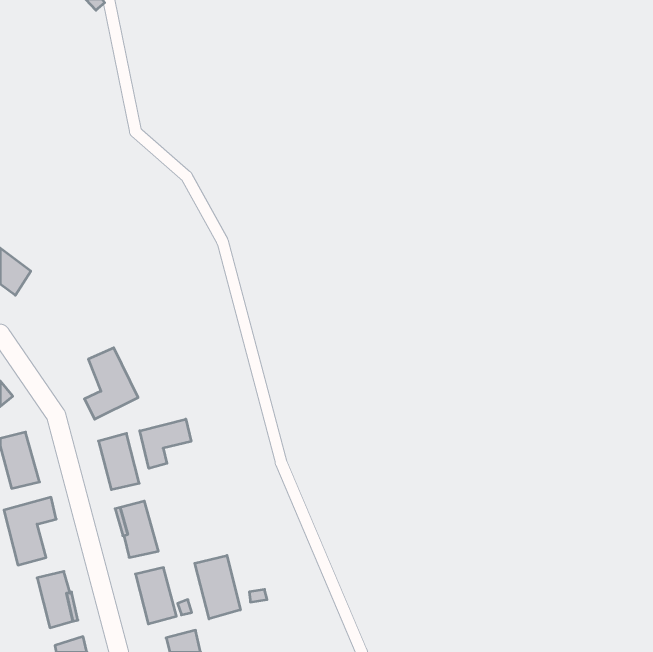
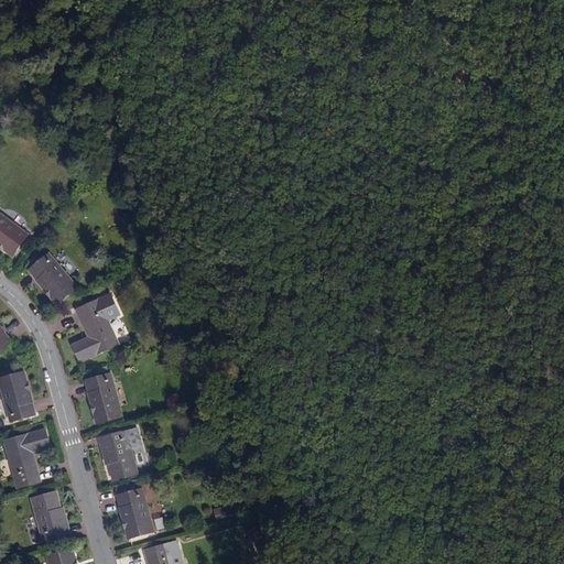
building: none -> [30,253,76,302]
building: [140,419,191,468] -> none
building: [195,555,240,619] -> none

